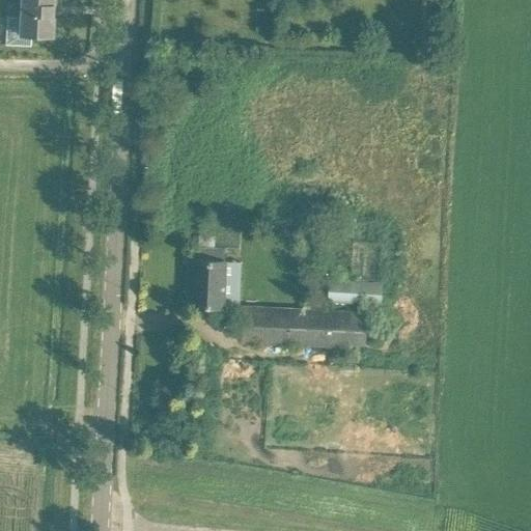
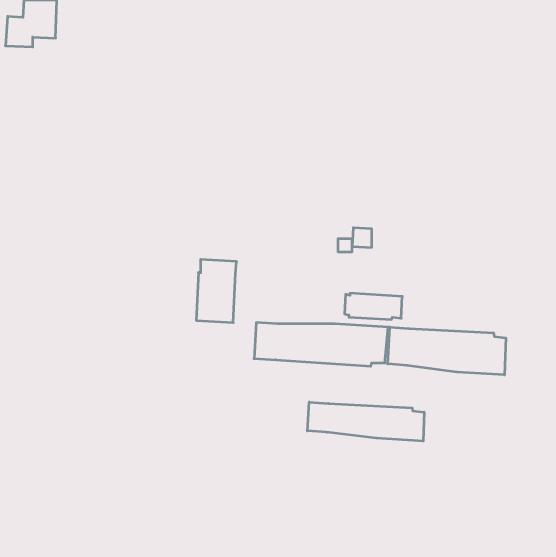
building: none -> [388,327,506,375]
building: none -> [307,402,424,441]

